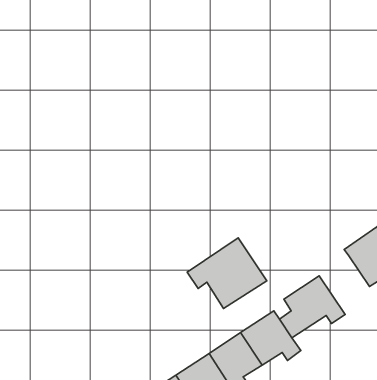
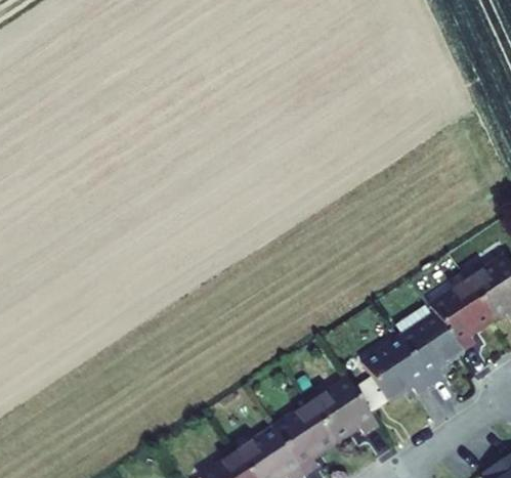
building: [187,238,267,308] -> none
building: none -> [401,316,459,383]

